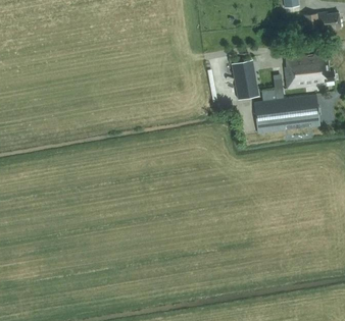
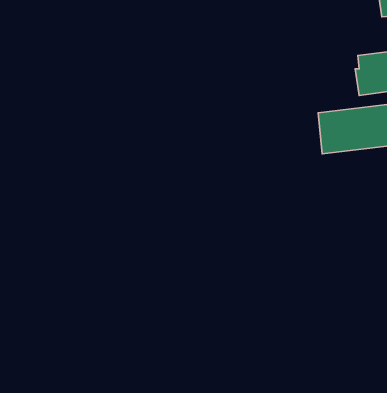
building: [232,60,257,98] -> none

